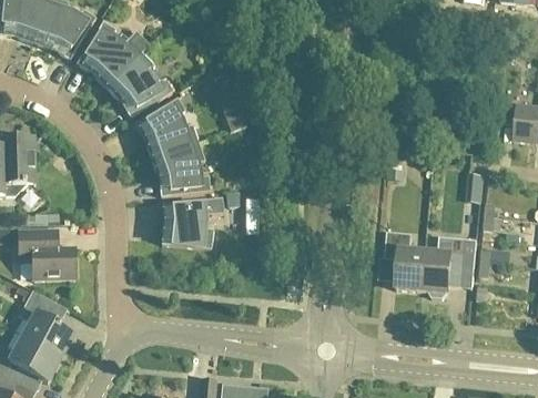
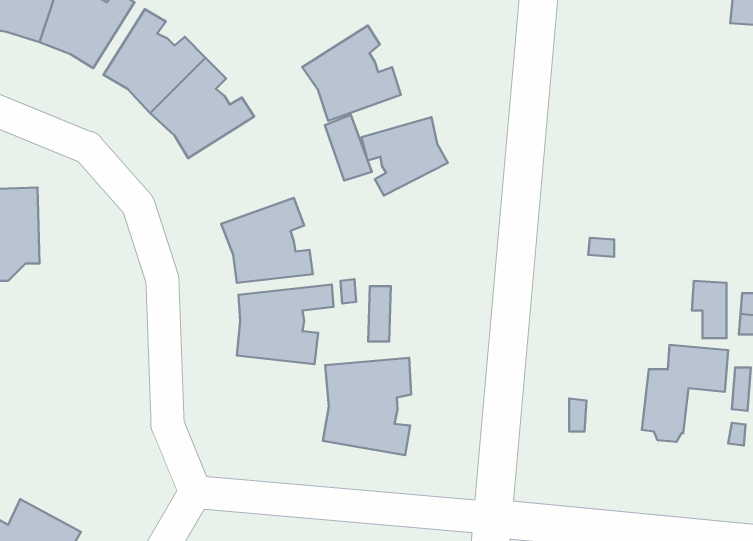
building: none -> [361,117,448,196]
building: [134,98,197,159] -> [302,26,401,121]
building: [18,229,74,279] -> none
building: [384,232,425,290] -> none
building: none -> [323,358,411,455]
building: [18,290,73,356] -> none

